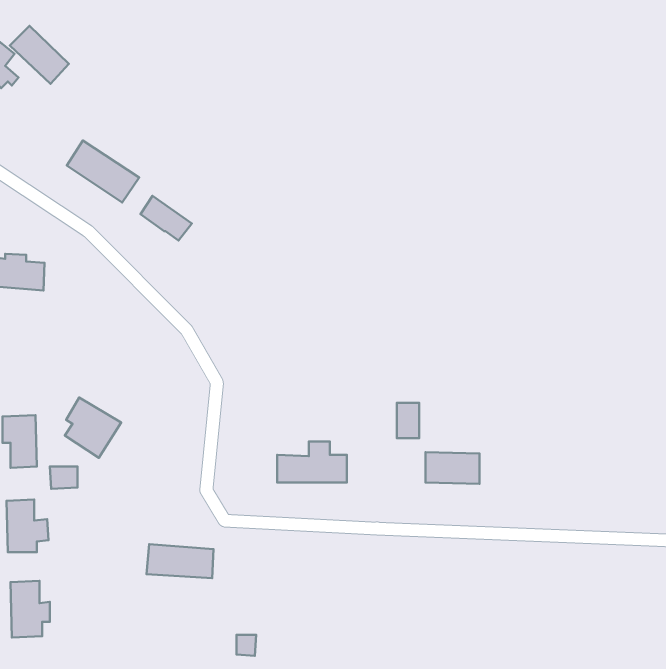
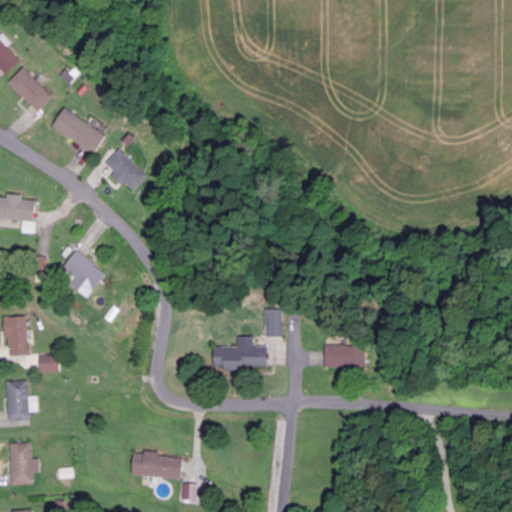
building: [10,26,69,84] -> [7,67,52,111]
building: [65,397,121,458] -> [63,251,106,297]
building: [397,403,419,438] -> [263,308,280,335]
building: [147,544,214,578] -> [129,452,180,478]

